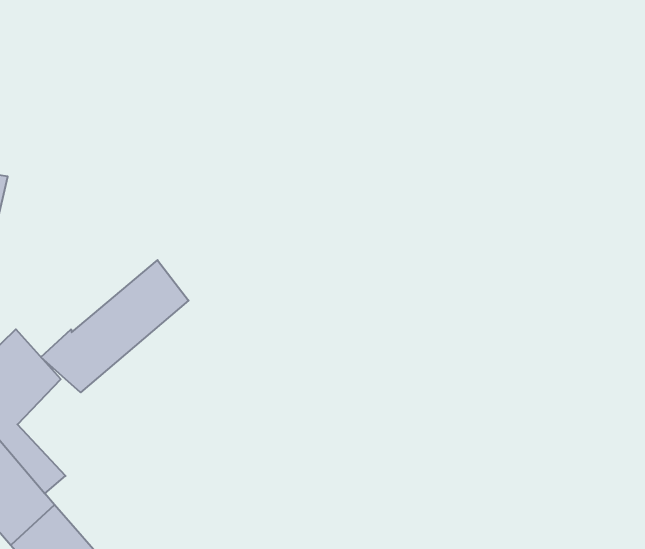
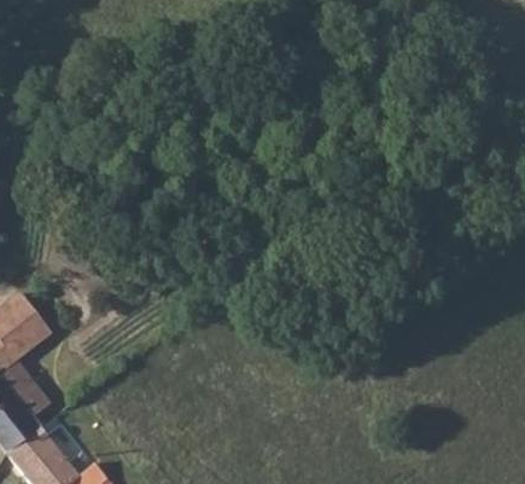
building: [41,260,189,392] -> none

